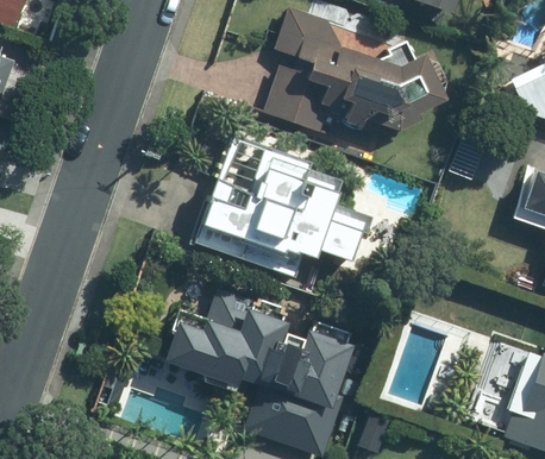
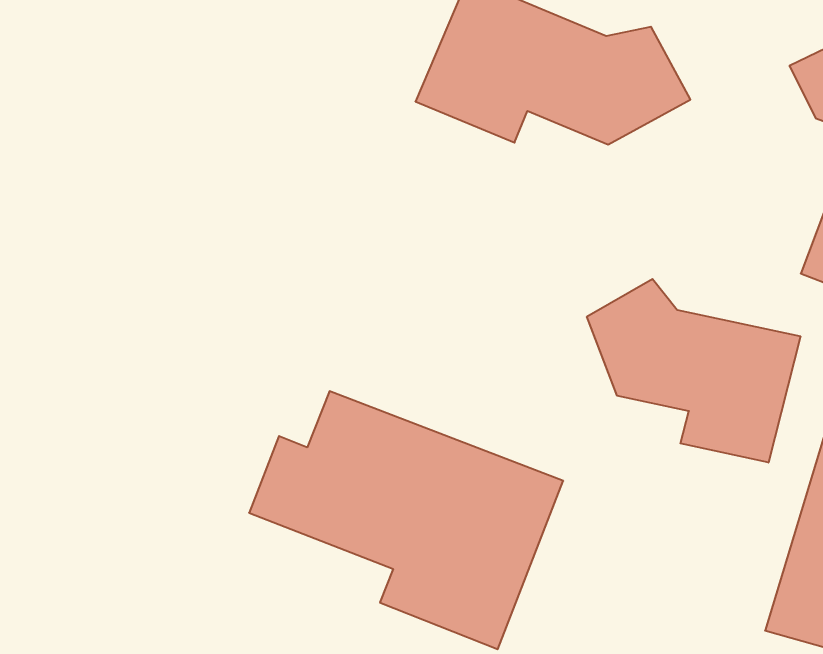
building: [190,137,375,281] -> none
building: none -> [587,279,800,463]

